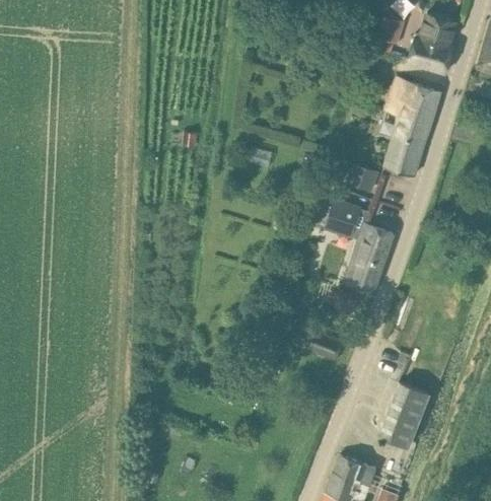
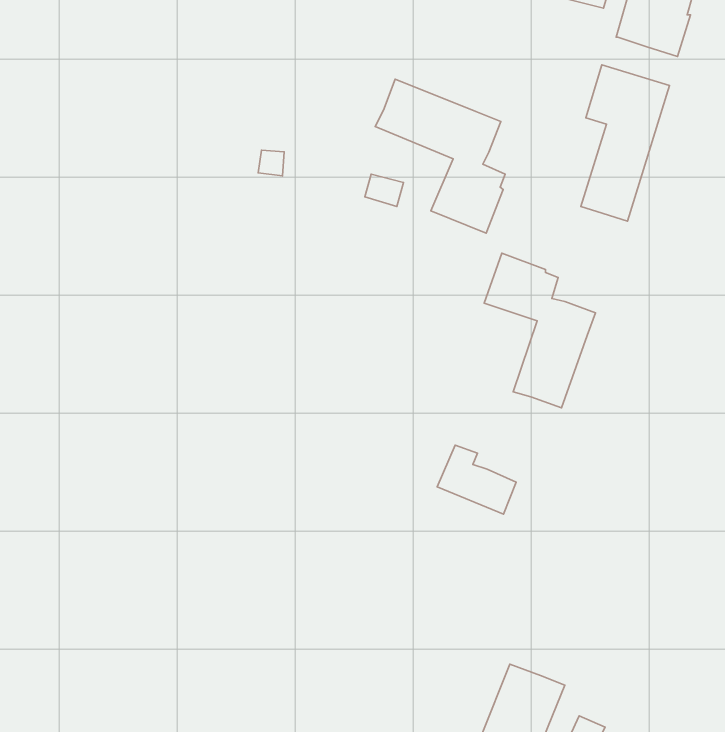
building: none -> [375,79,505,233]
building: [347,162,379,192] -> none
building: [379,382,427,447] -> none

